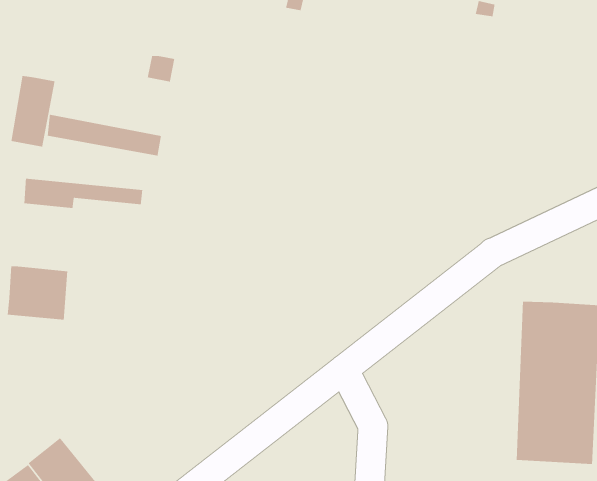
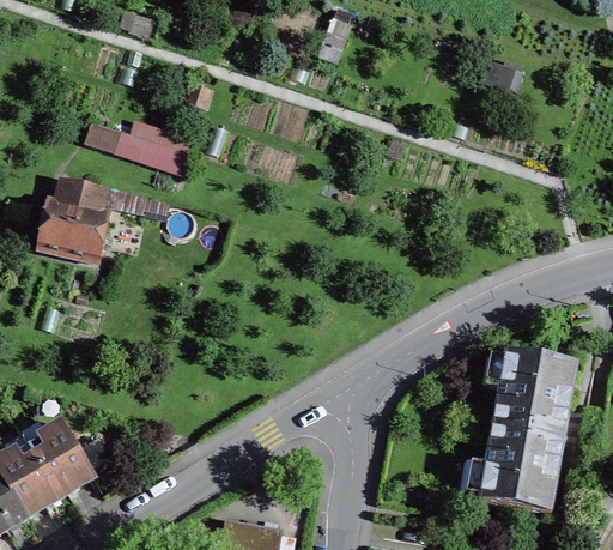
building: [10,75,55,147] -> none
building: [7,266,68,321] -> [38,201,101,259]

